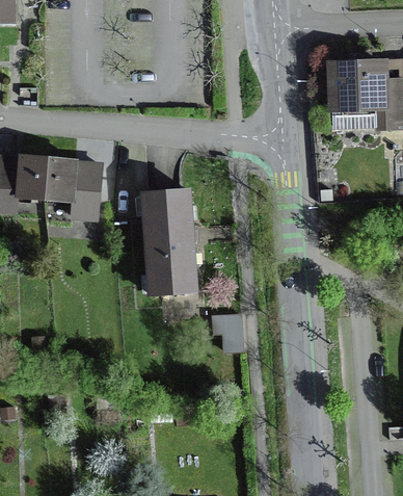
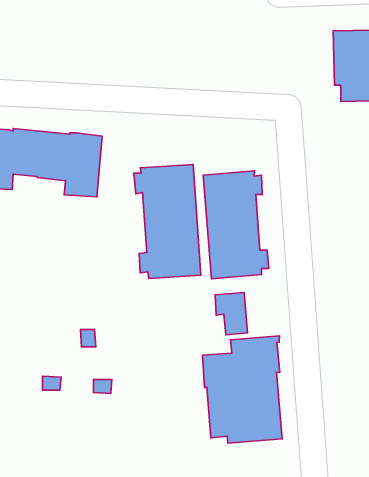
building: none -> [203,171,269,279]
building: none -> [202,336,282,443]

